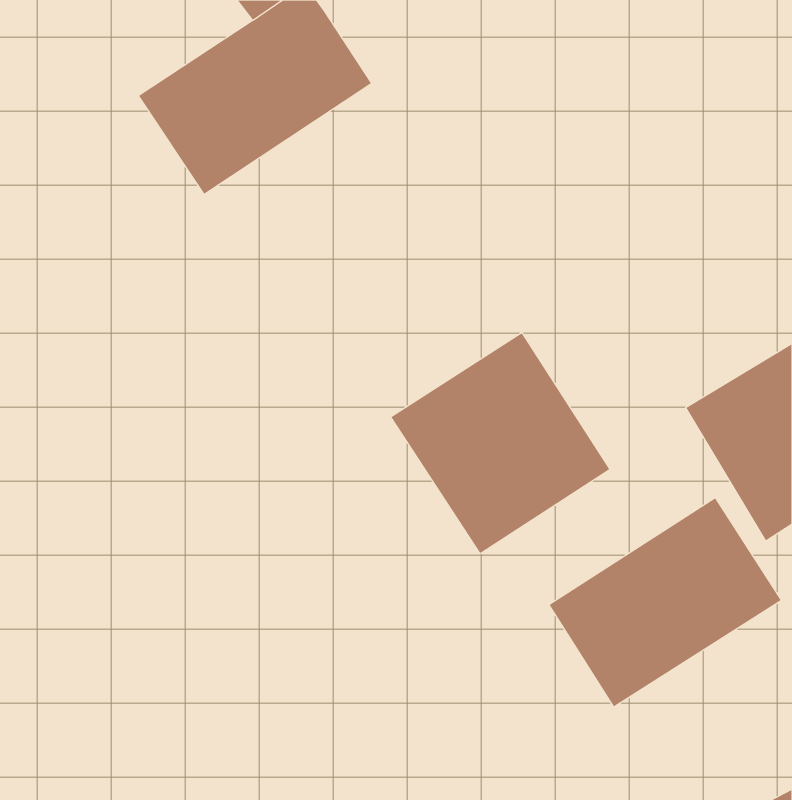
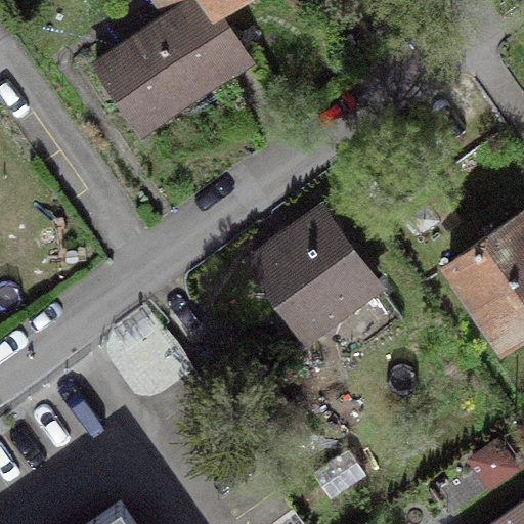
building: [549,497,781,707] -> none

